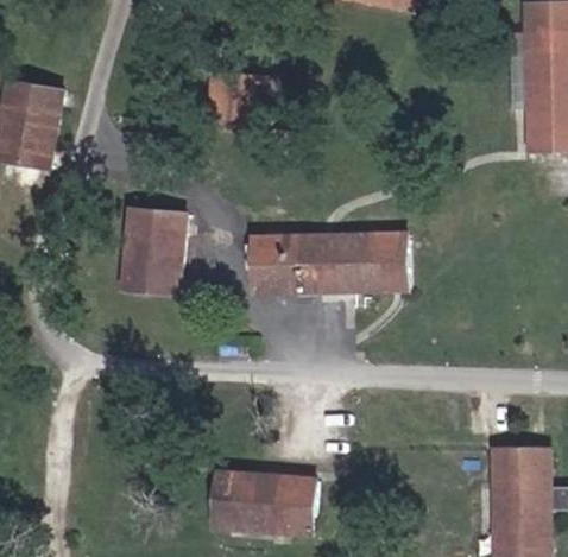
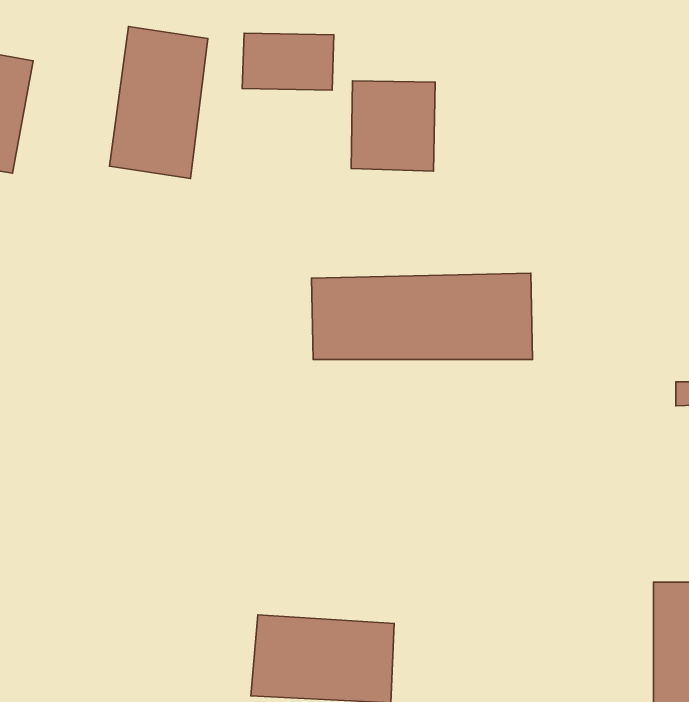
building: none -> [351,81,435,171]
building: [122,192,190,297] -> [109,27,208,178]

